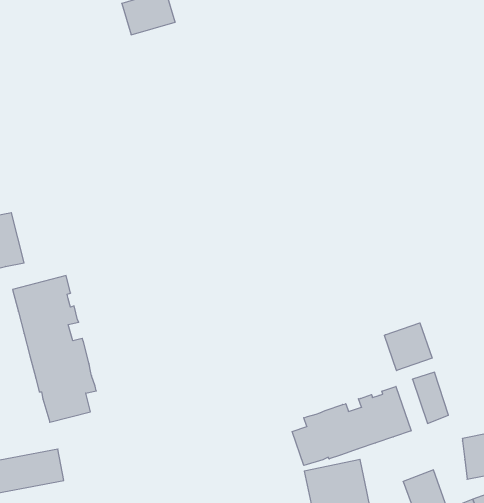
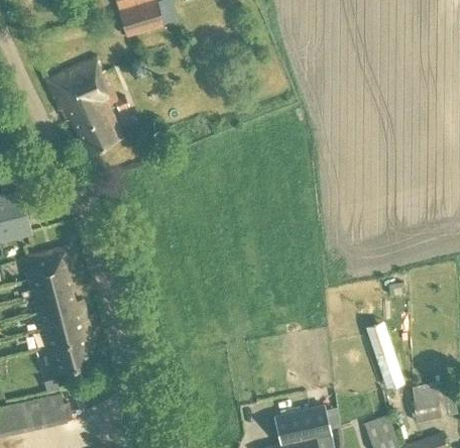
building: none -> [45,57,130,155]
building: [384,323,432,371] -> none
building: [292,386,411,465] -> none

